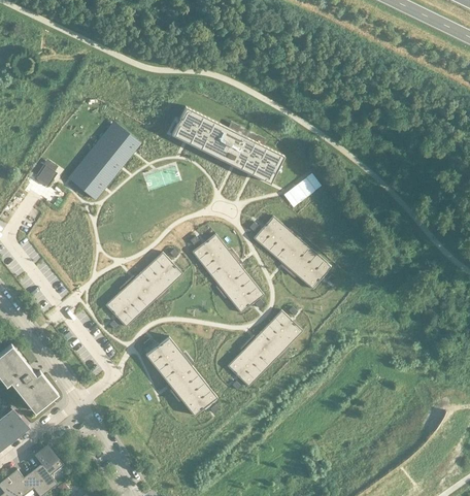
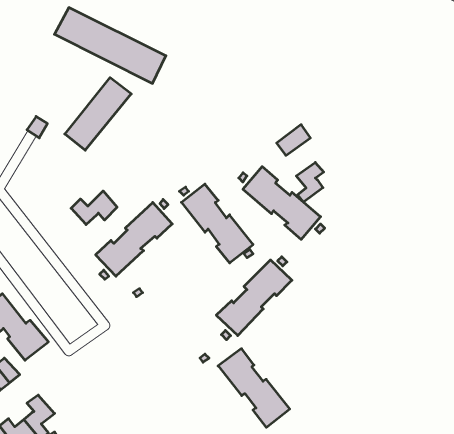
building: [170,106,282,183] -> [54,8,166,83]
building: none -> [296,162,324,202]
building: none -> [71,191,117,225]
building: [144,336,216,416] -> [218,349,290,427]

